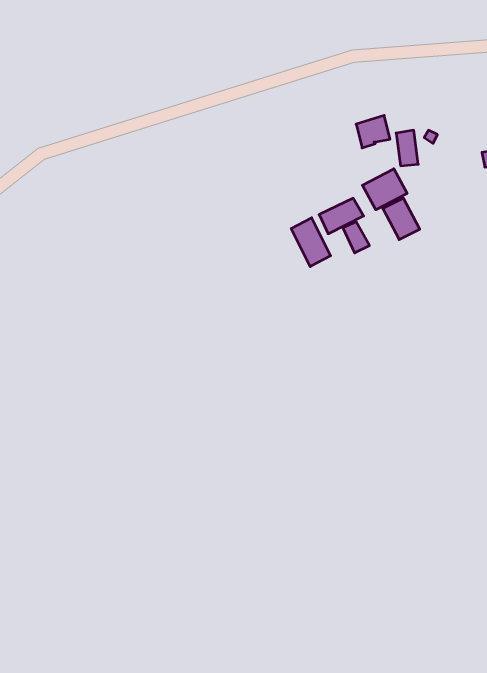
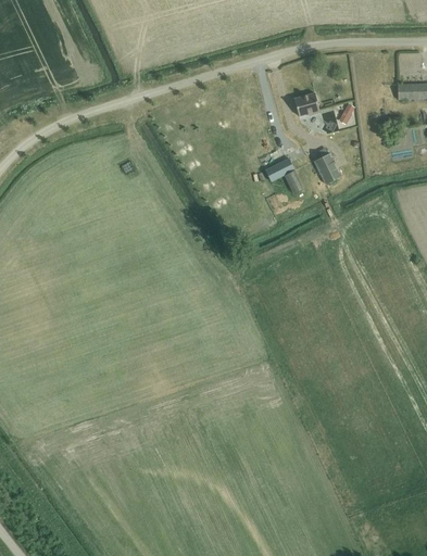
building: [362,169,407,210] -> none
building: [291,218,331,267] -> none

